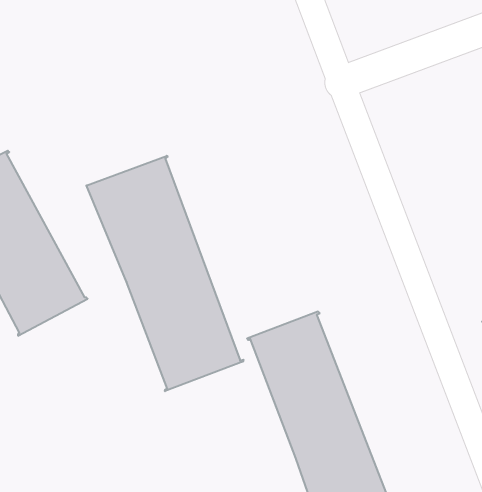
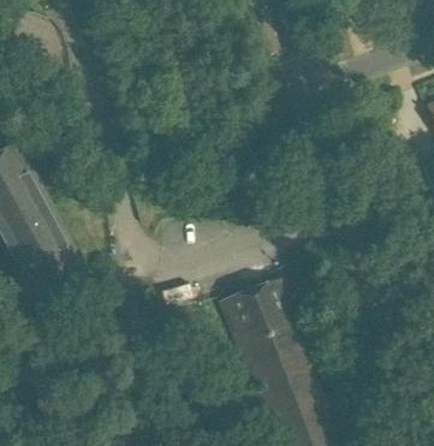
building: [86,156,243,391] -> none

